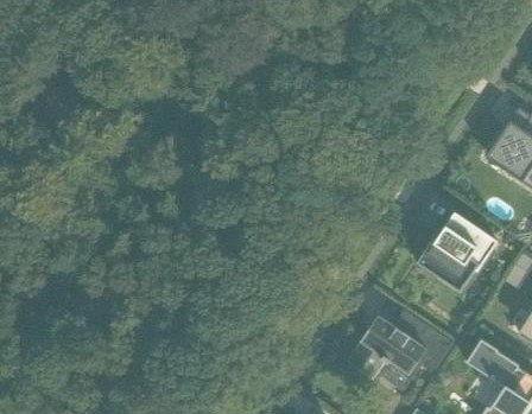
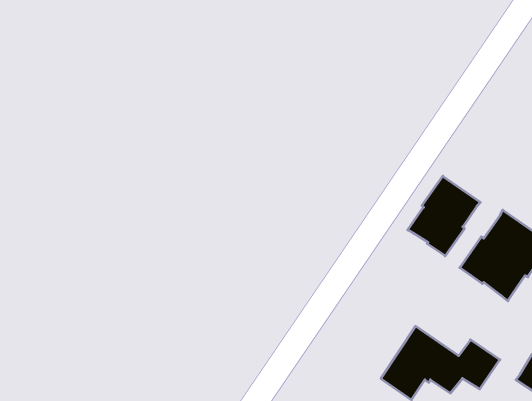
building: none -> [408,176,480,256]

